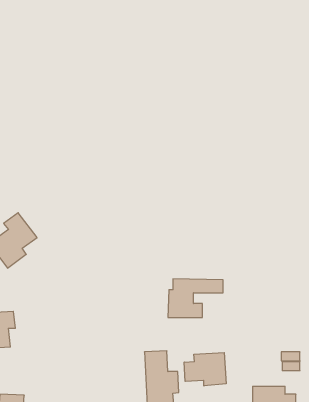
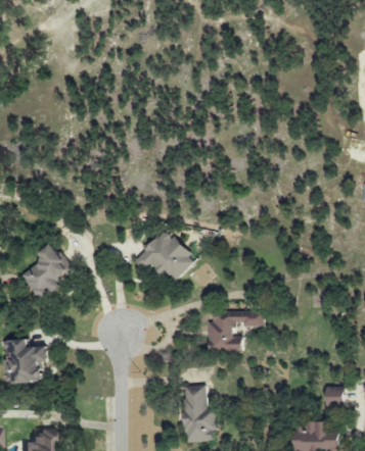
building: none -> [135,229,197,281]
building: [184,353,226,386] -> none

